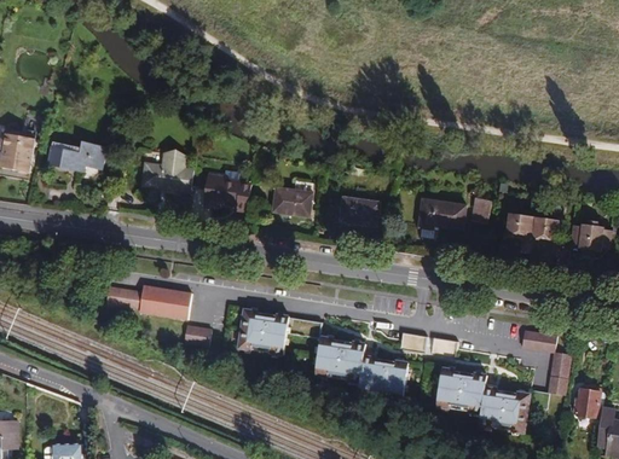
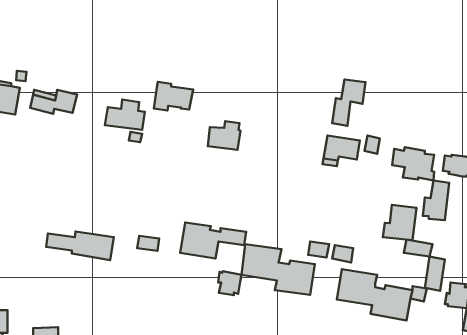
building: none -> [332,80,366,126]
building: [202,173,251,209] -> [154,82,193,110]
building: [337,197,378,226] -> none
building: none -> [423,180,449,220]
building: [105,284,191,320] -> [46,232,114,260]
building: none -> [383,205,416,240]
building: none -> [218,271,241,295]

